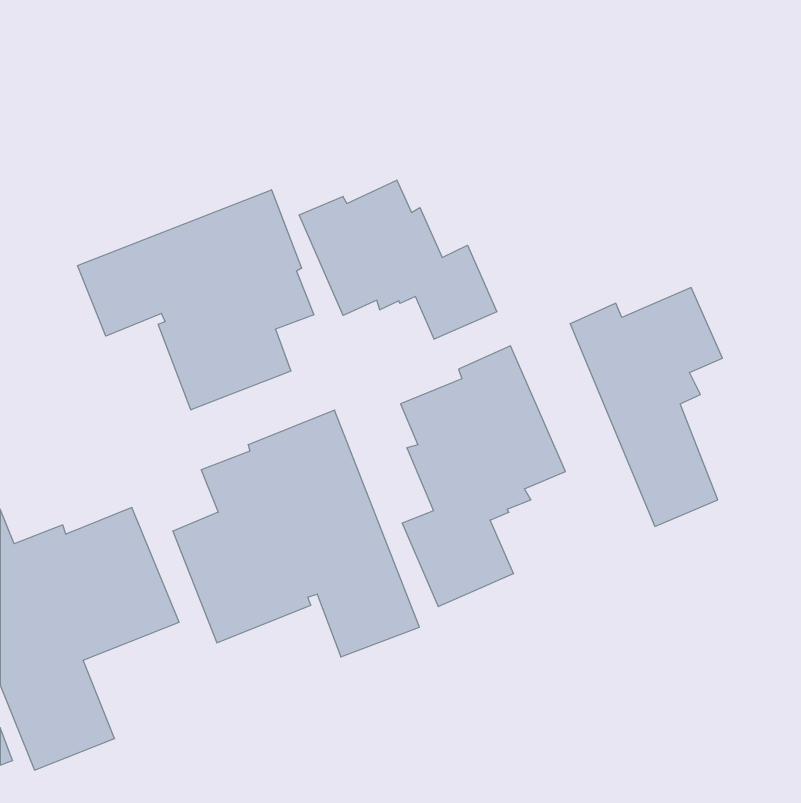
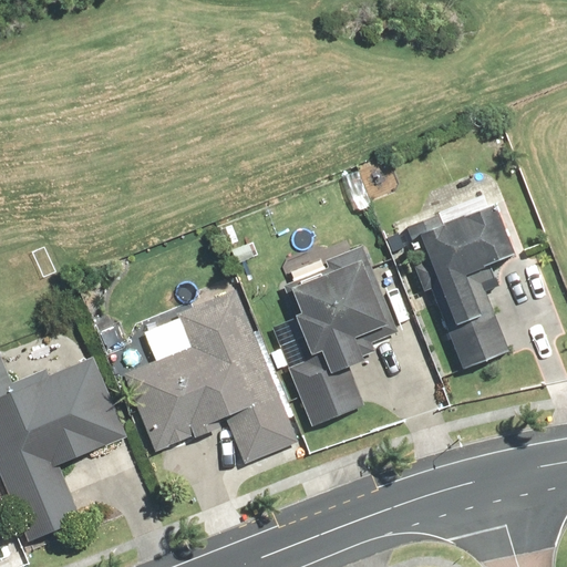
building: [299,180,497,339] -> none
building: [78,190,314,410] -> none

